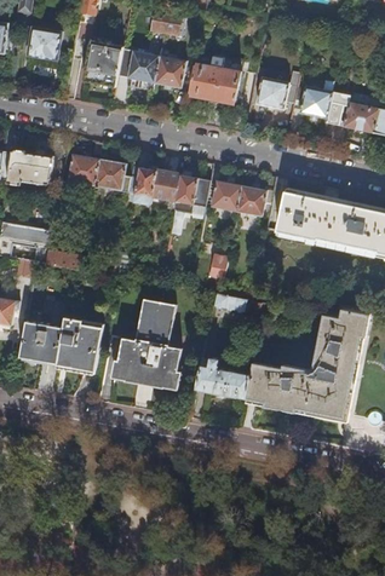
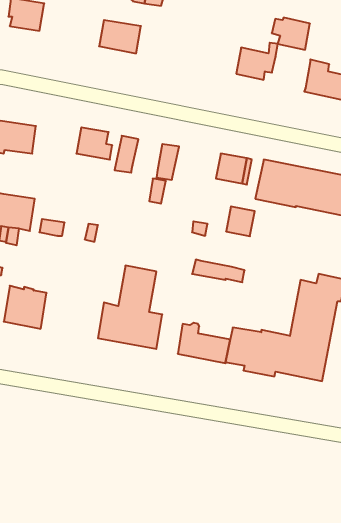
building: [80,40,123,87] -> none
building: [155,56,186,88] -> none
building: [190,64,241,103] -> none
building: [293,86,332,119] -> [272,18,310,50]
building: [68,154,99,185] -> none
building: [151,168,182,202] -> none
building: [212,180,241,211] -> [226,206,255,236]
building: [58,317,104,369] -> none

